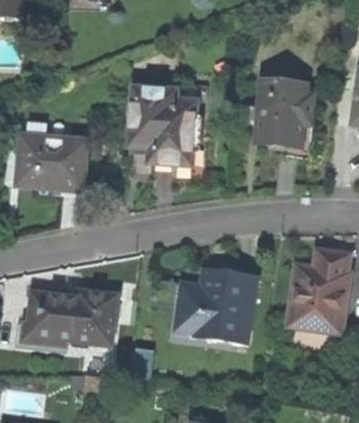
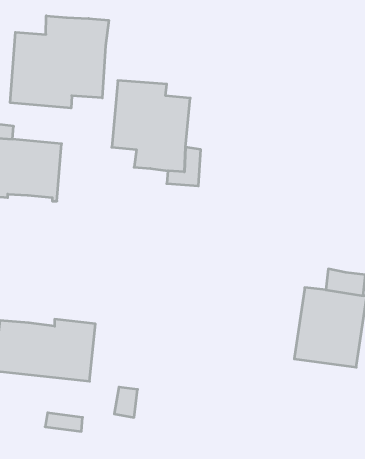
building: none -> [10,16,109,108]
building: [257,82,312,147] -> none
building: [169,269,256,337] -> none

